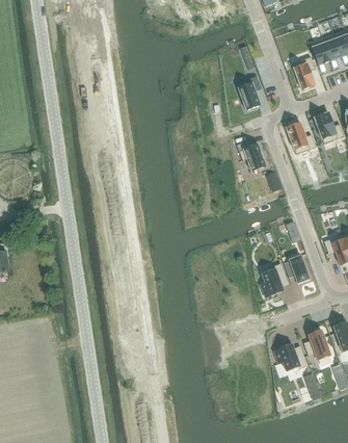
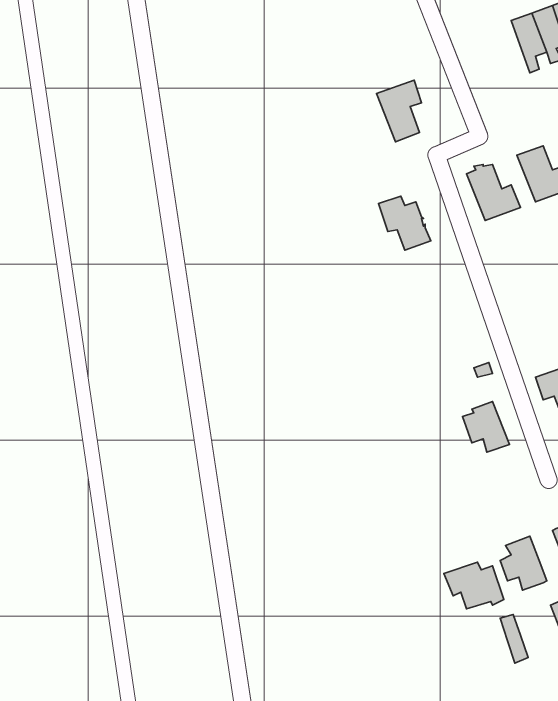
building: [292,56,316,89] -> none
building: [261,263,288,297] -> none

